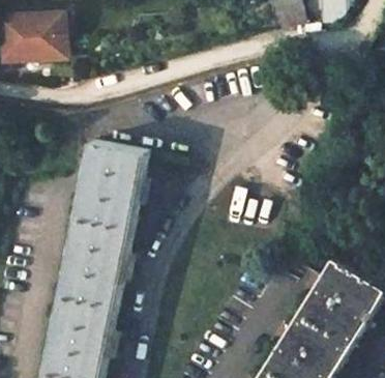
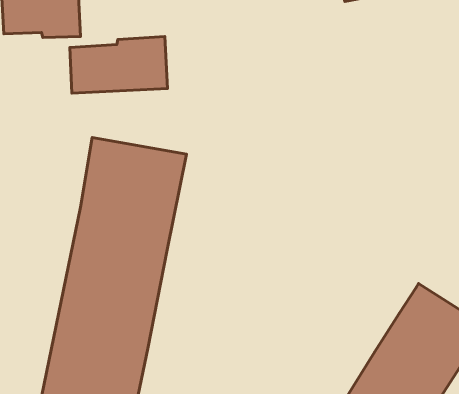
building: none -> [70,36,168,93]

